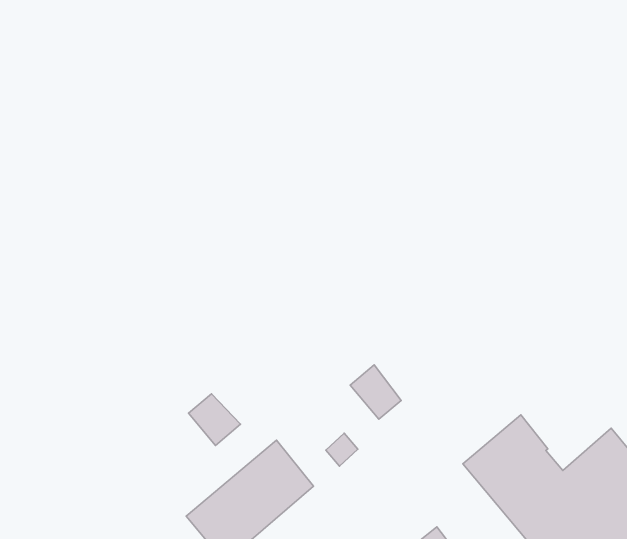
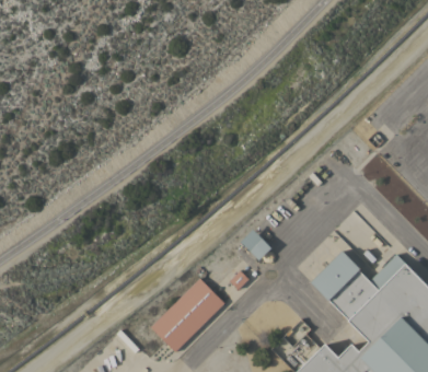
building: [188,394,241,445] -> none

